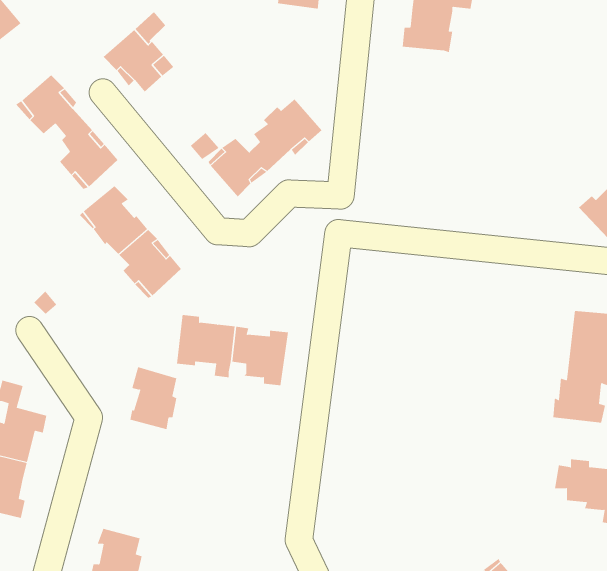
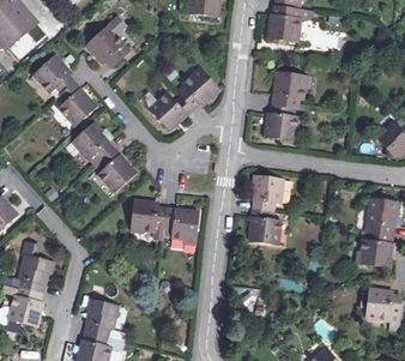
building: none -> [264,71,309,139]
building: none -> [249,175,282,242]
building: [130,366,177,430] -> [86,297,115,336]

